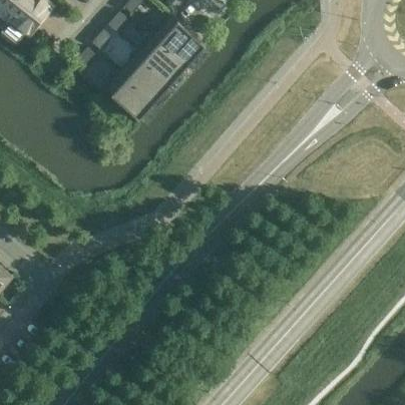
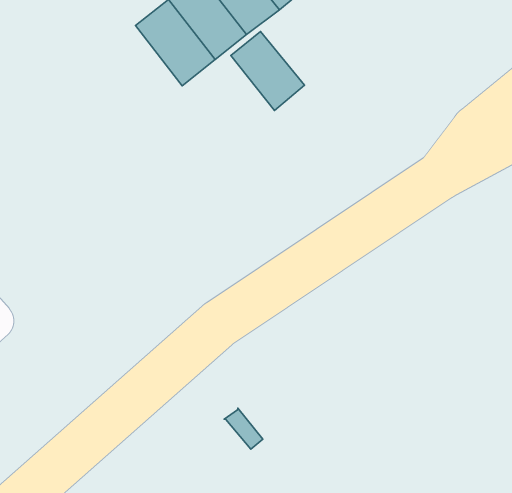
building: none -> [231,32,305,110]

